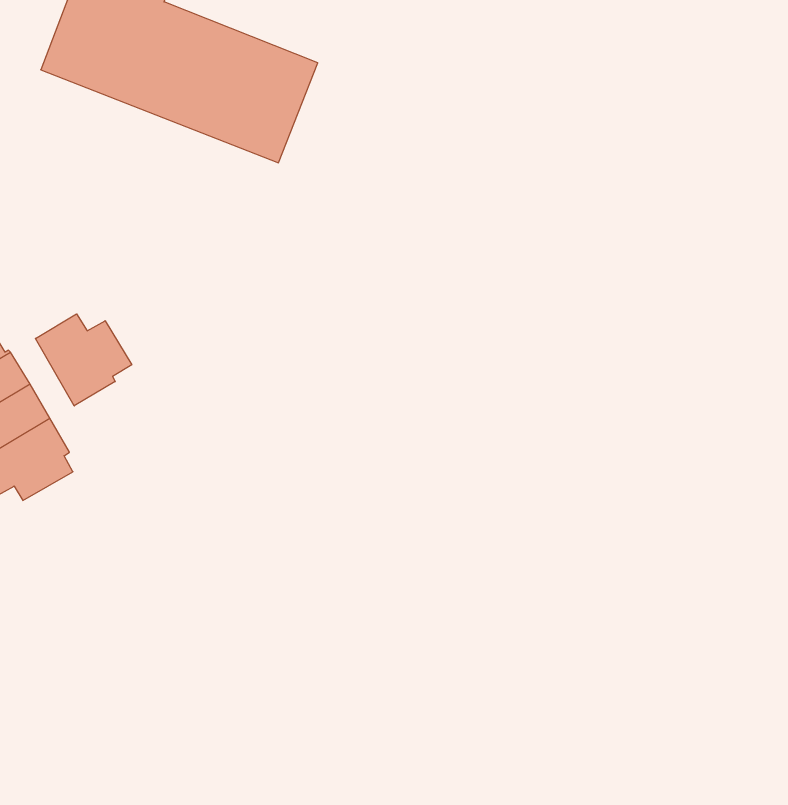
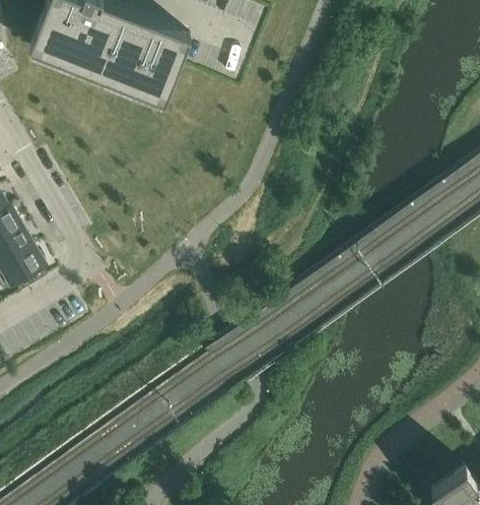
building: [35,314,132,406] -> none

